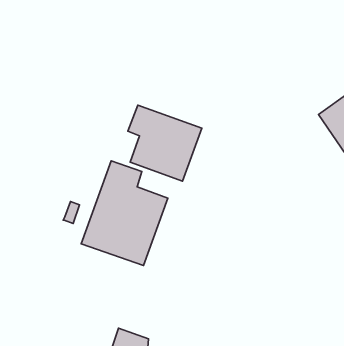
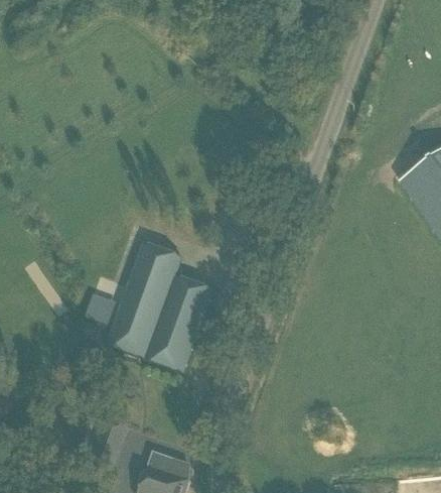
building: [128,105,202,181] -> none

